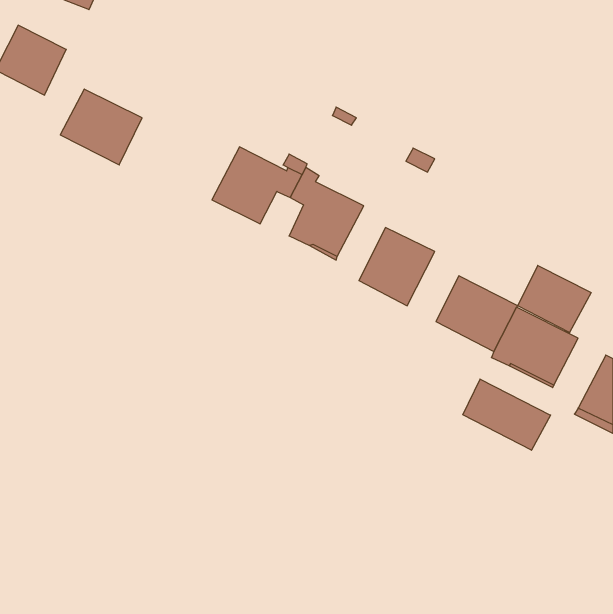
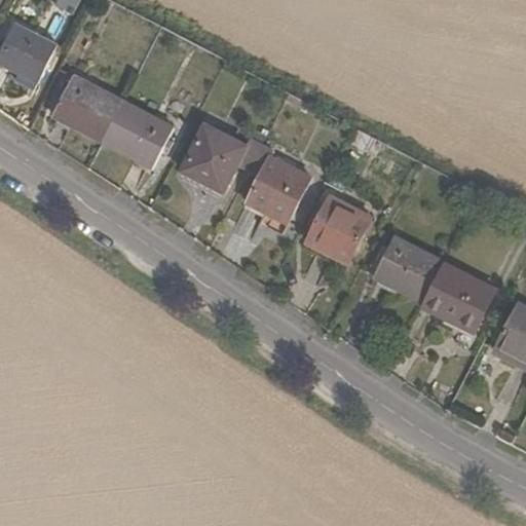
building: none -> [102,101,172,166]
building: [518,265,591,333] -> none
building: [463,379,551,450] -> none

